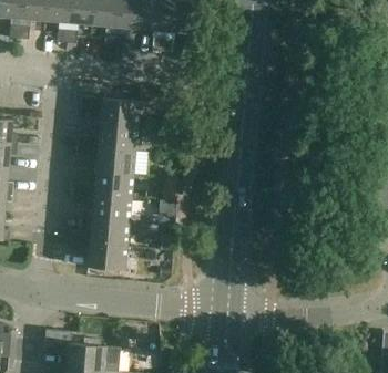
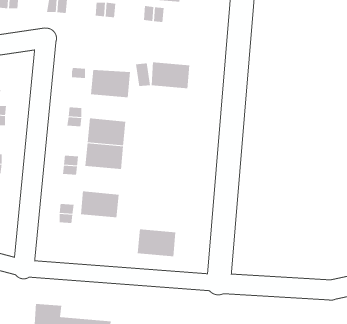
building: [98,123,136,149] -> [151,62,190,89]
building: [91,194,130,221] -> none
building: [86,241,125,269] -> [137,229,176,257]

